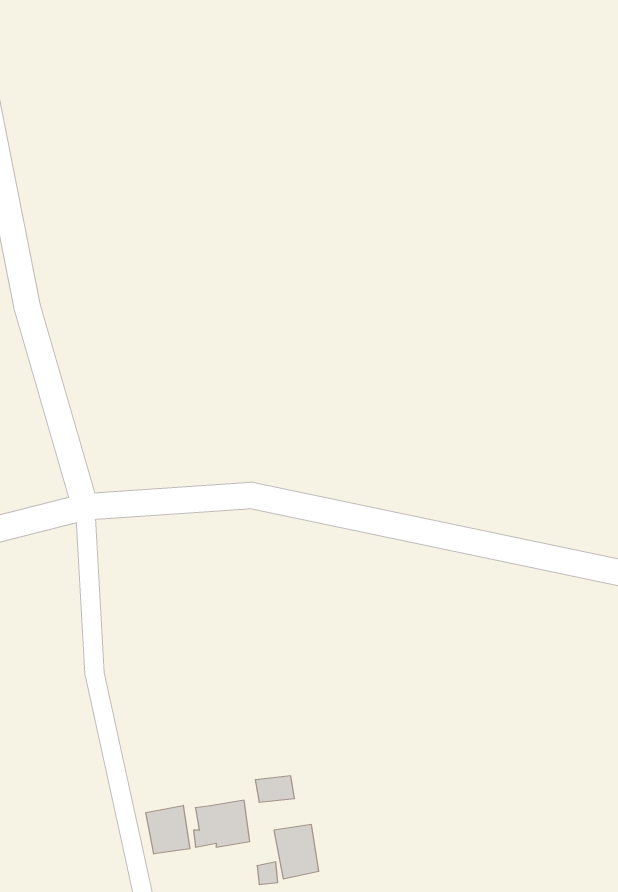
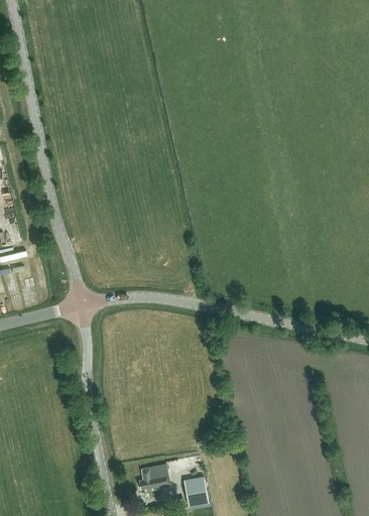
building: [146,805,190,854] -> none

